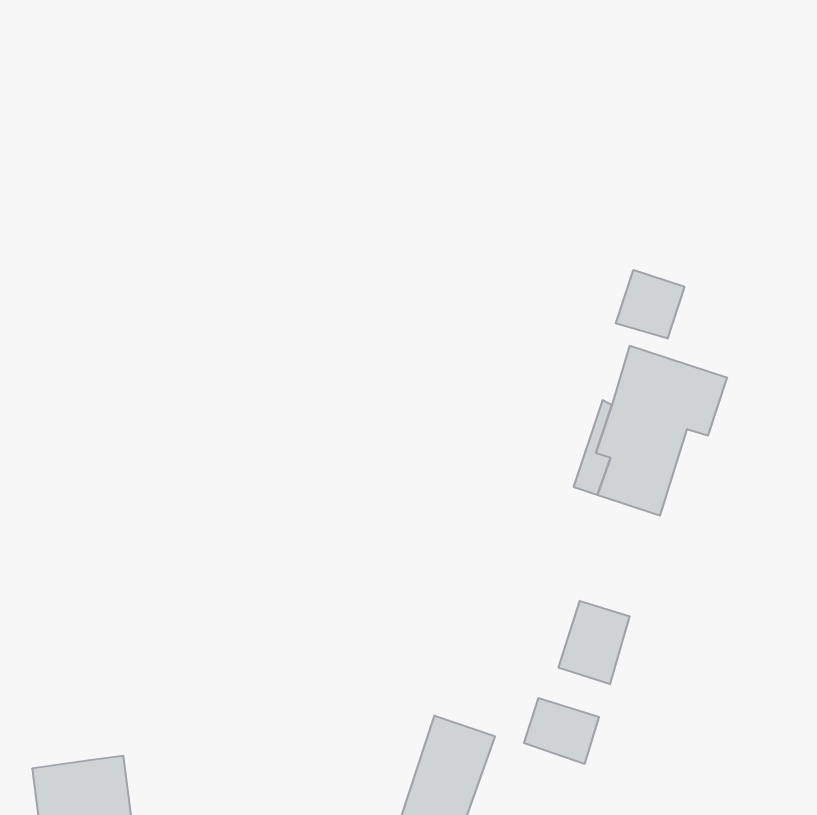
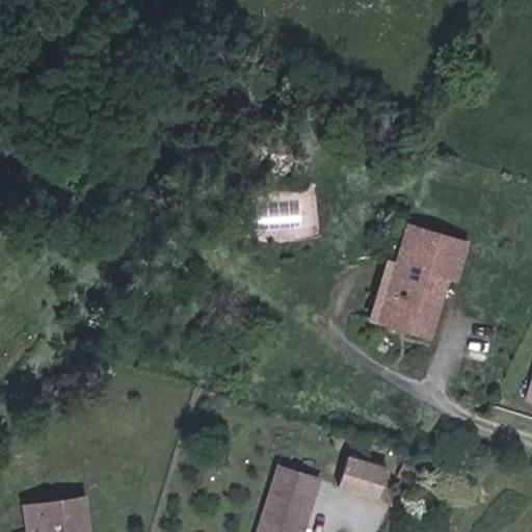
building: [616,270,684,339] -> none
building: [559,601,630,684] -> none

